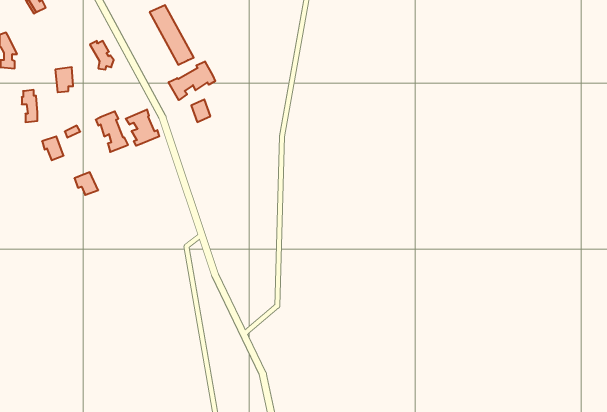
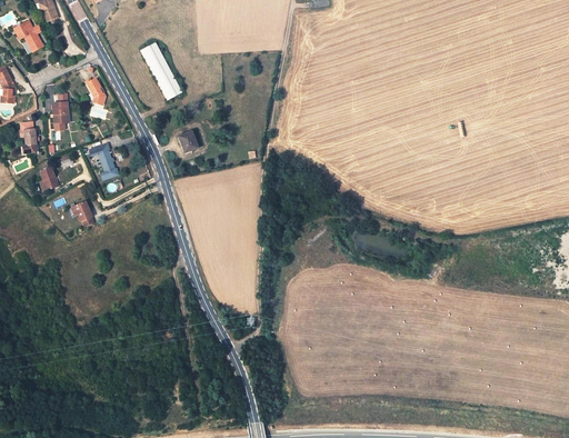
building: [169,61,215,100] -> none
building: [126,109,159,146] -> none

